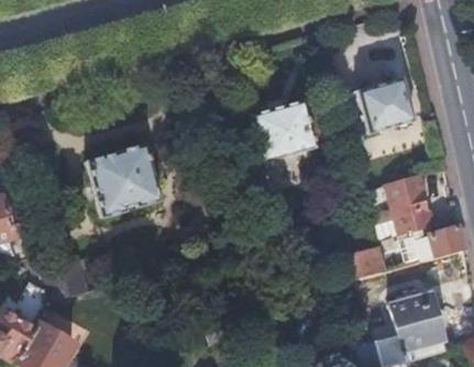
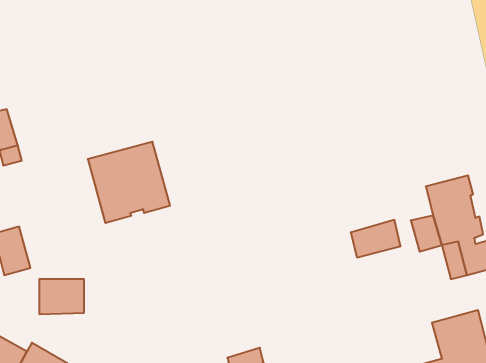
building: [342,77,414,136] -> none
building: [250,100,316,162] -> none
building: [340,248,384,281] -> [351,220,401,257]

